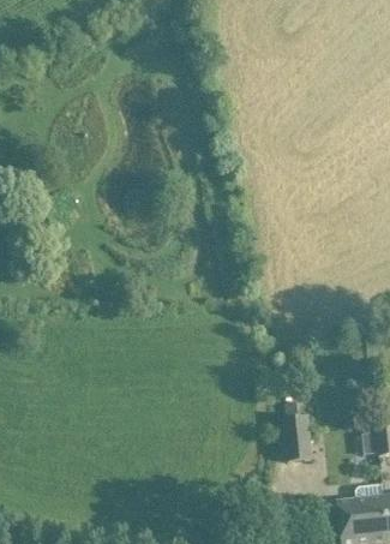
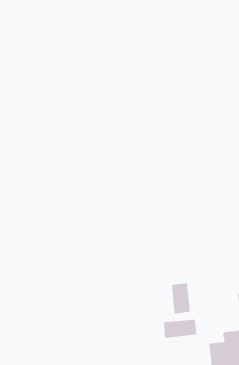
building: none -> [163,319,197,339]

